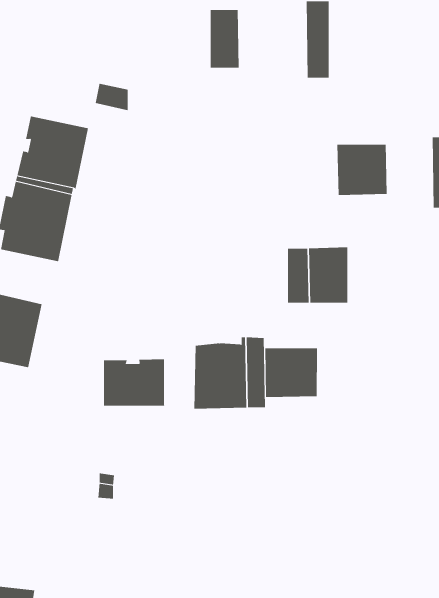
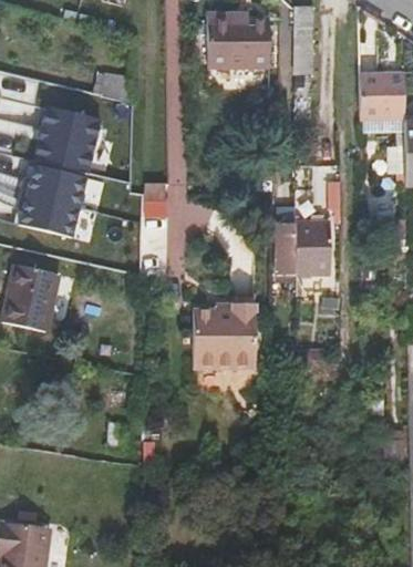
building: none -> [233,13,269,65]
building: [336,144,388,195] -> [359,76,404,122]
building: [265,347,317,398] -> none
building: [103,358,165,407] -> none

